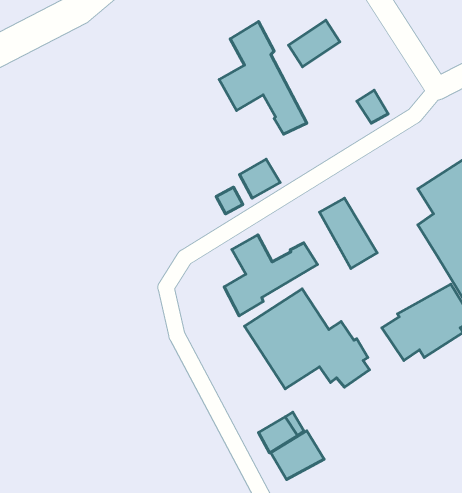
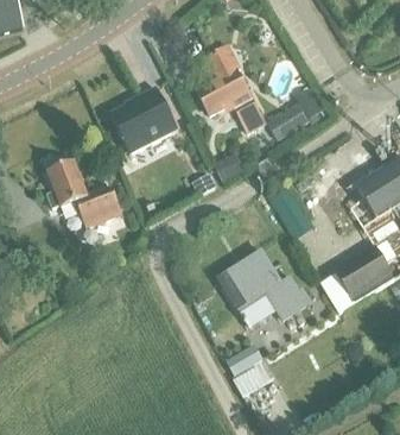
building: [288,20,340,67] -> [267,101,306,137]
building: none -> [109,84,177,152]
building: none -> [46,160,122,227]
building: [224,235,318,316] -> none

